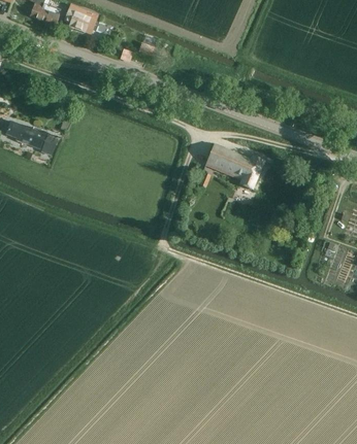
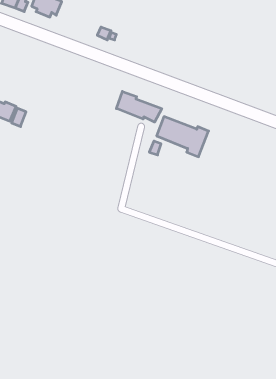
building: none -> [116,91,162,122]

